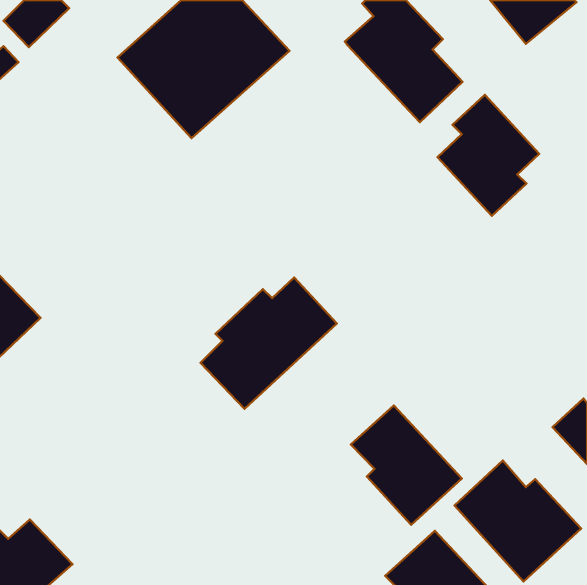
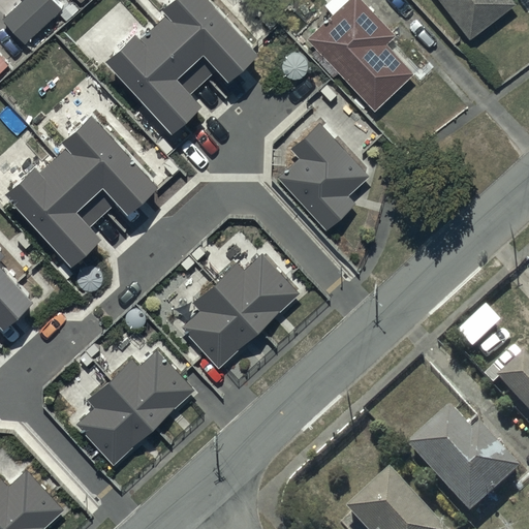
building: [438,95,539,216] -> [276,121,367,229]
building: none -> [6,110,160,261]
building: none -> [75,347,197,465]
building: [351,405,462,525] -> none

